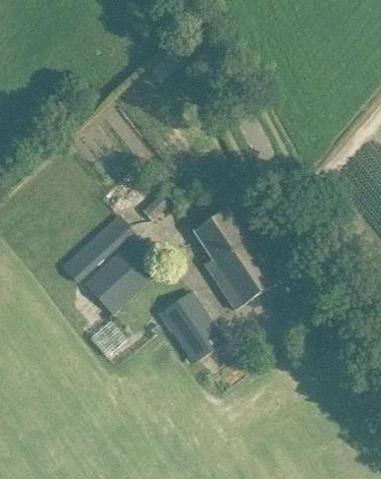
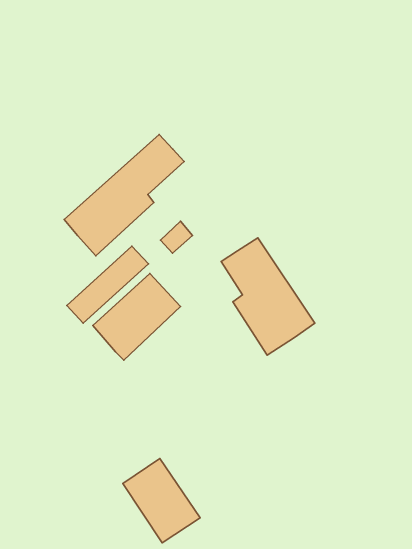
building: none -> [64,134,184,256]
building: [159,291,225,363] -> [123,459,200,543]

